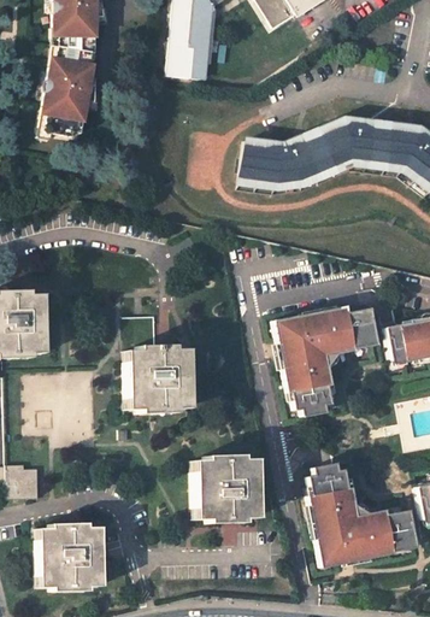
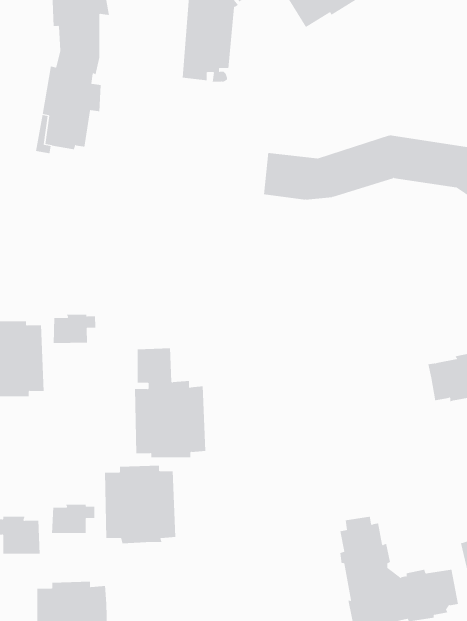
building: none -> [53,314,96,344]
building: [273,307,376,417] -> none
building: none -> [52,504,95,534]
building: [192,453,255,523] -> [104,465,176,544]

